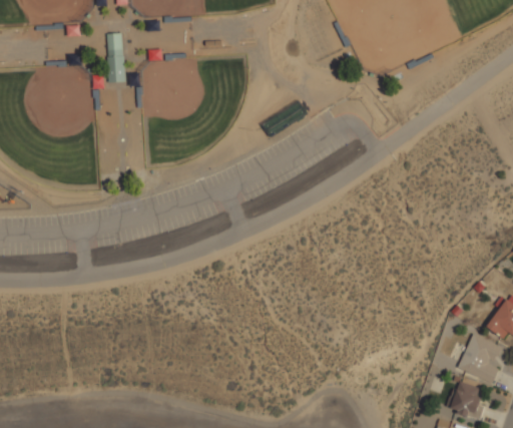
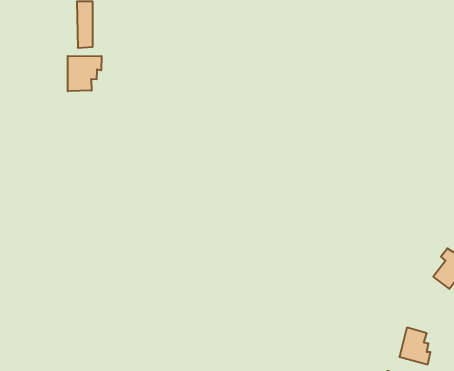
building: none -> [68,56,102,91]
building: [458,333,502,383] -> none

